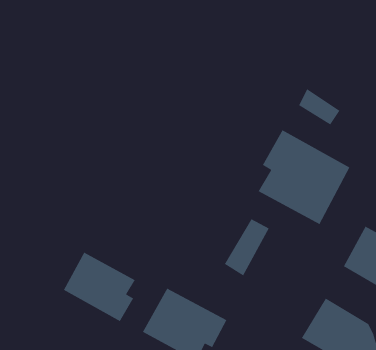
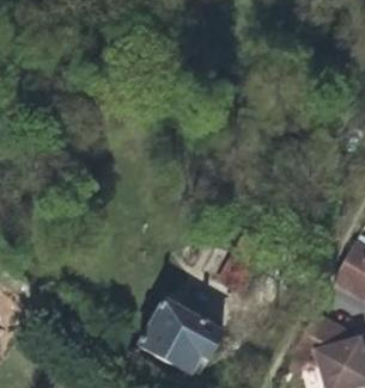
building: [258,129,350,225] -> none
building: [63,251,136,322] -> none

